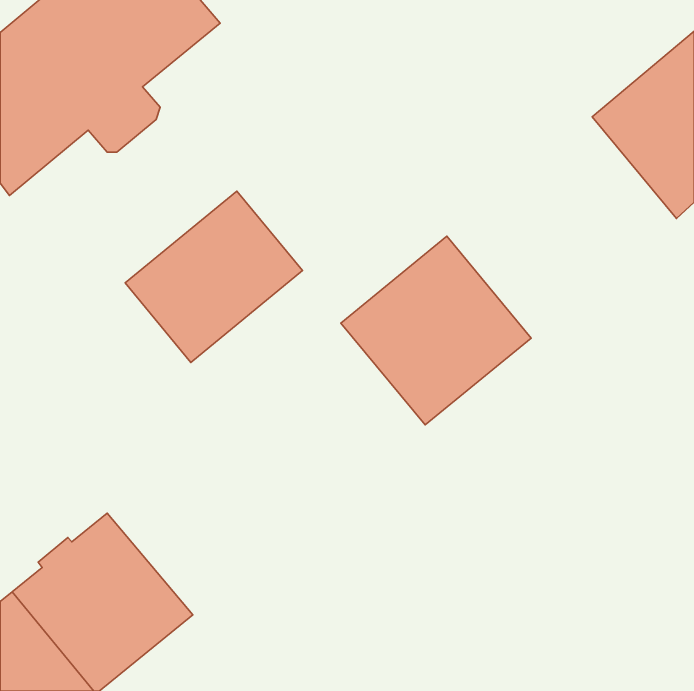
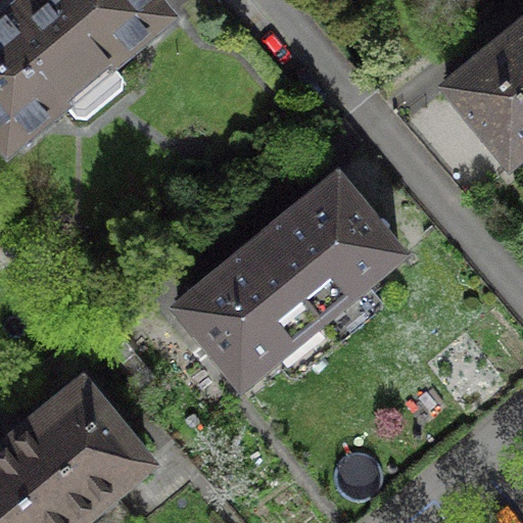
building: [125,191,302,362] -> none
building: none -> [178,243,320,384]

